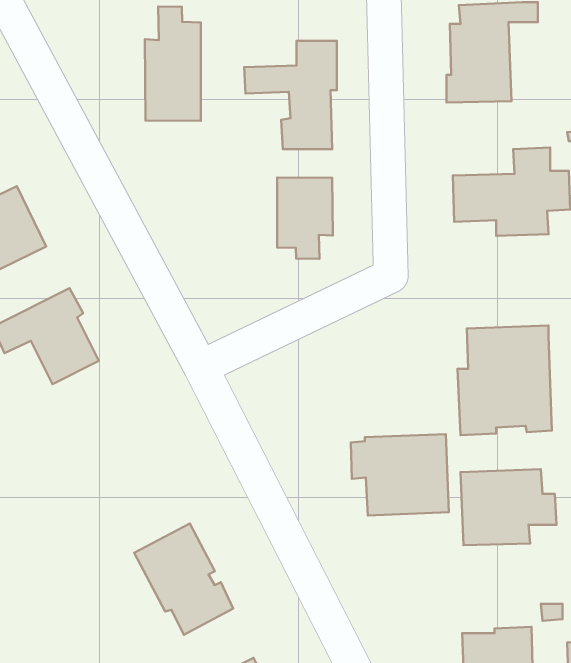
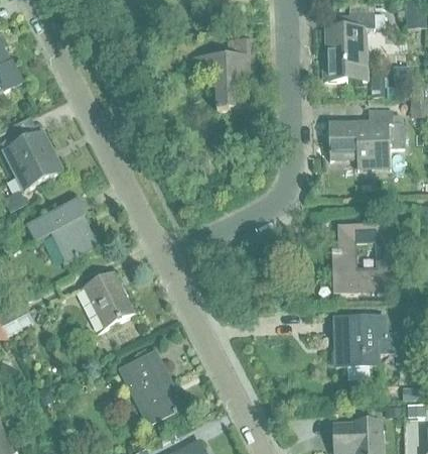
building: [145,6,201,121] -> none
building: [277,178,333,259] -> none
building: none -> [85,272,137,329]
building: [351,434,449,515] -> none

